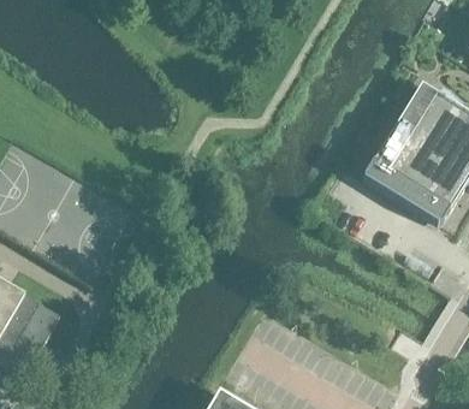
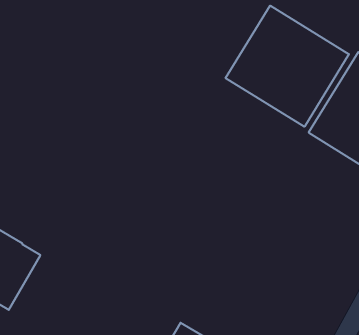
building: none -> [226,6,349,127]

